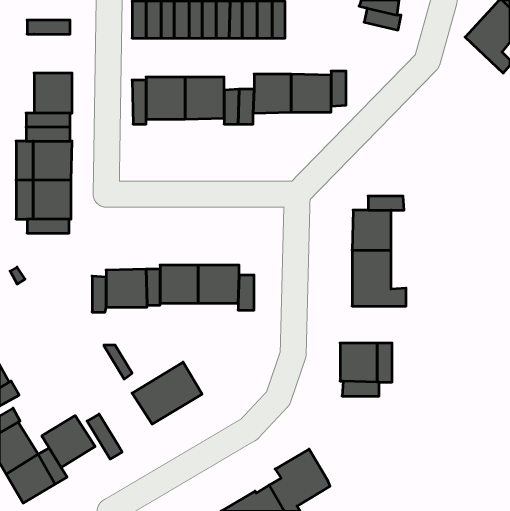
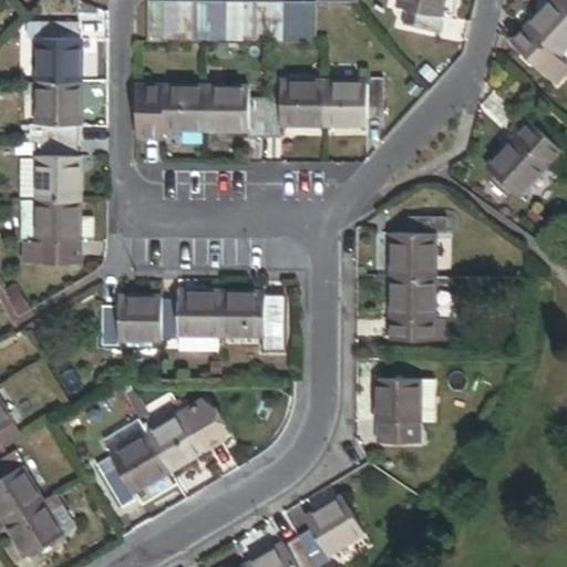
building: none -> [38,38,80,81]
building: none -> [486,117,560,197]
building: [42,416,95,468] -> [110,435,168,493]

